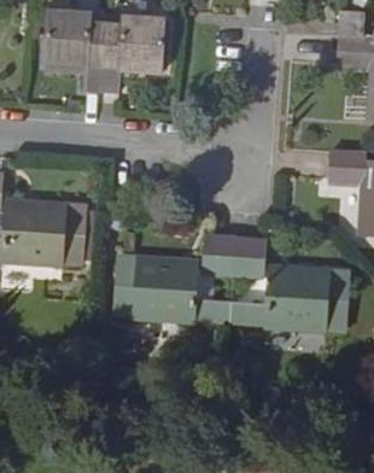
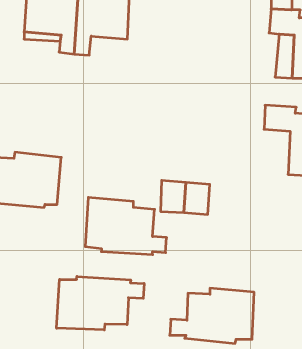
building: [244,273,345,339] -> [170,288,254,343]
building: none -> [57,276,144,330]

